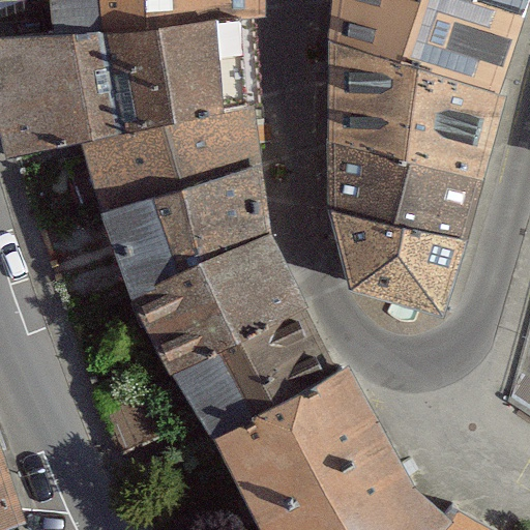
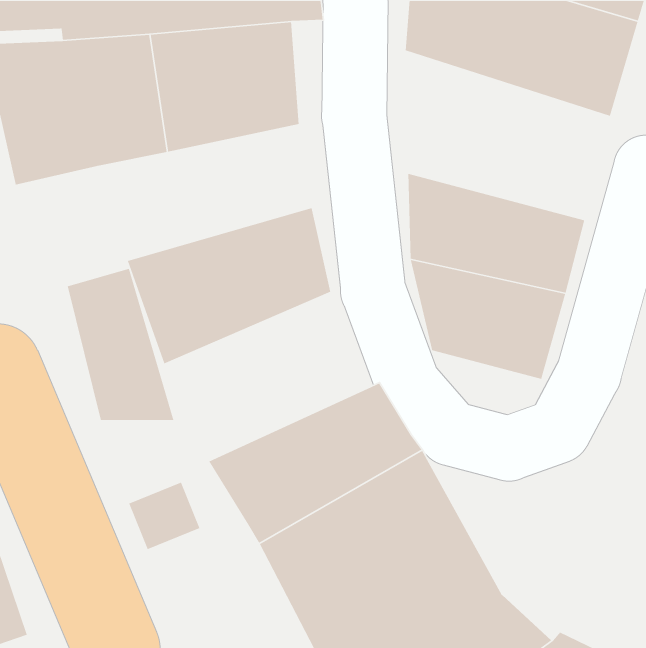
building: [330,42,503,180] -> none
building: [80,102,255,213] -> none
building: none -> [67,268,174,421]
building: [134,239,310,377] -> none

